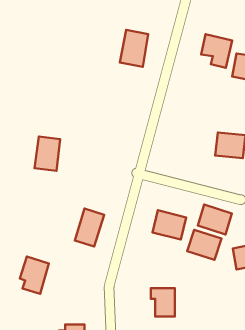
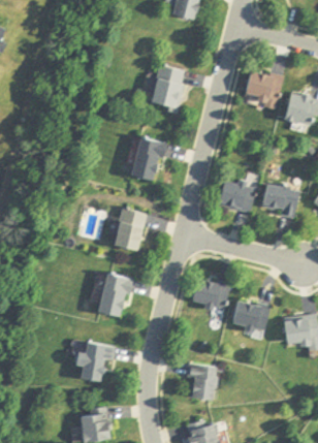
building: none -> [132,136,164,180]
building: none -> [215,177,254,213]
building: [34,136,60,171] -> [115,209,145,249]
building: [198,204,232,235] -> none
building: [20,256,49,294] -> [78,340,113,383]

